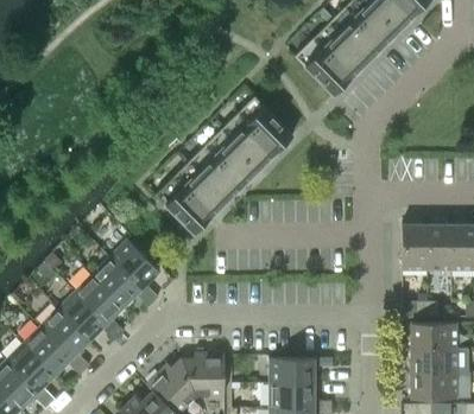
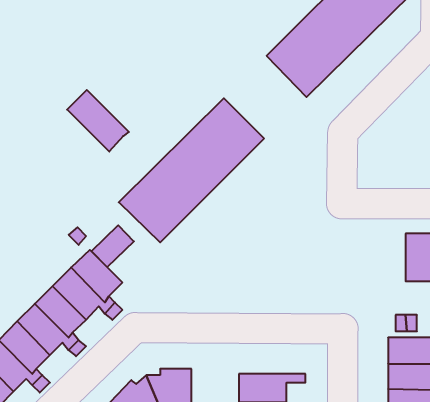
building: none -> [67,90,129,152]
building: none -> [92,225,134,267]
building: [403,225,428,270] -> none

